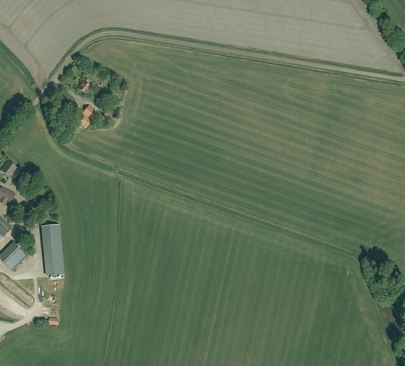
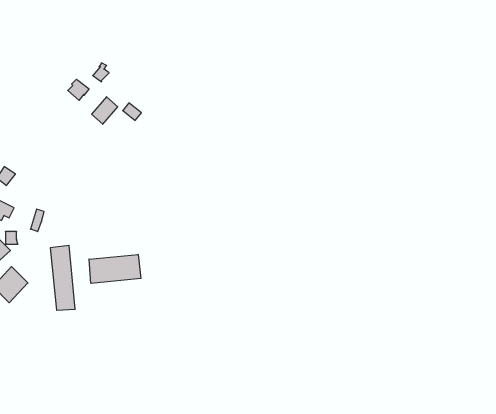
building: none -> [89,254,141,283]

